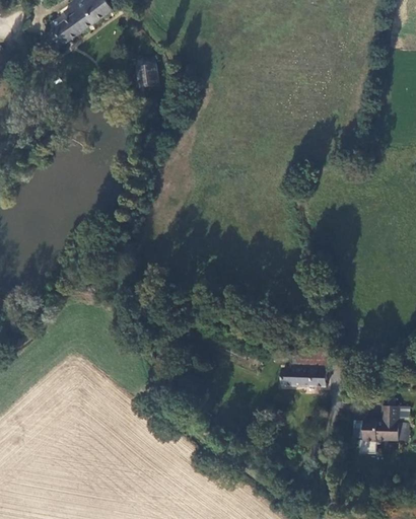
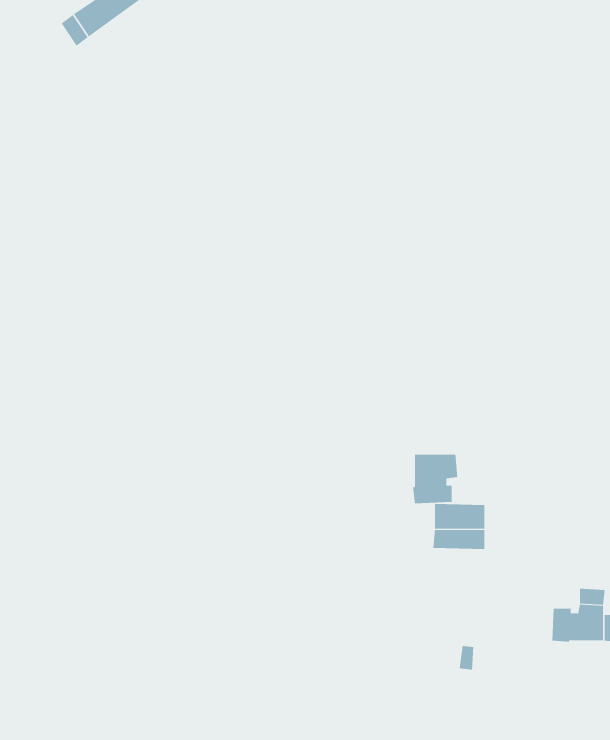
building: [134,60,154,89] -> none
building: none -> [413,454,458,504]

